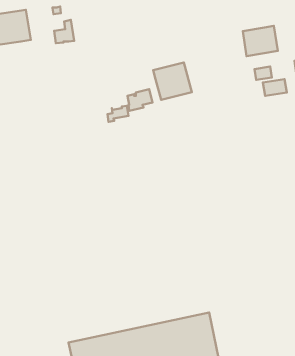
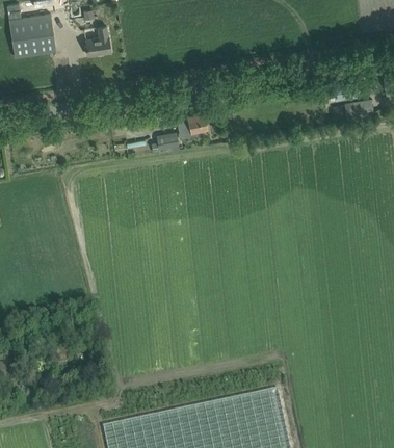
building: [243,26,278,56] -> none
building: [153,62,192,100] -> none

